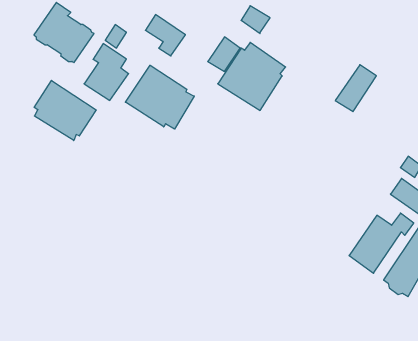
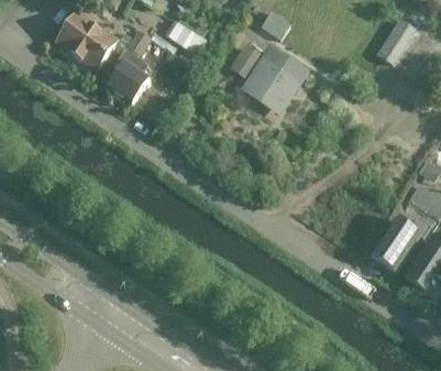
building: [335,65,376,112] -> [376,18,417,64]
building: [125,65,194,129] -> none
building: [34,80,96,141] -> none

